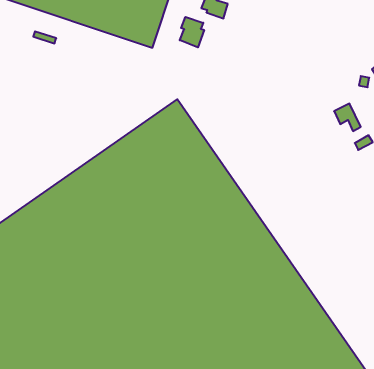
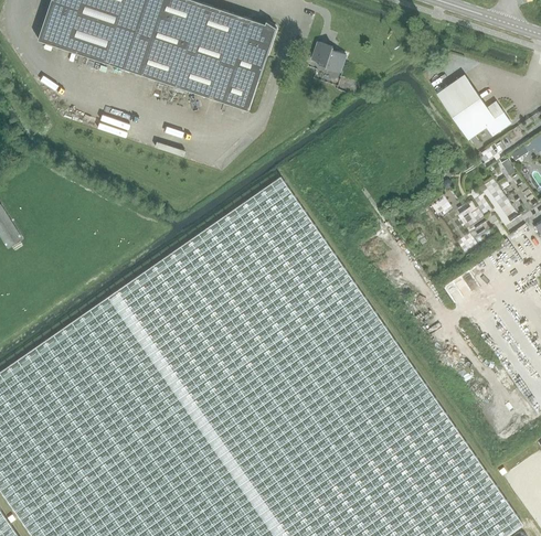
building: [180,17,204,47] -> none
building: none -> [437,75,511,139]

